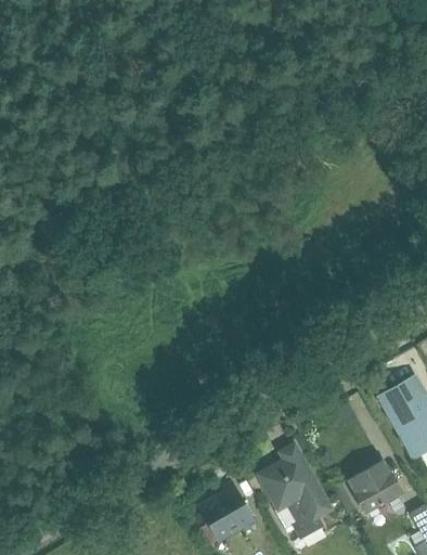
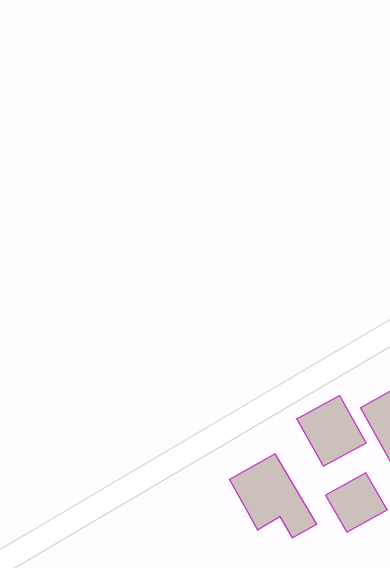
building: none -> [297,396,366,466]
building: [196,486,255,544] -> none

